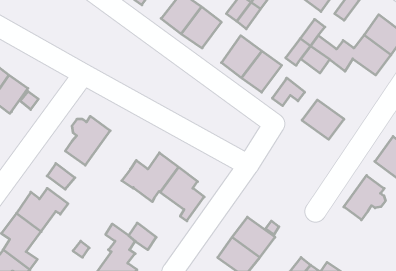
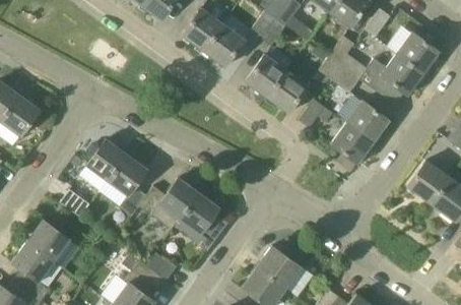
building: none -> [346,101,390,142]
building: none -> [108,155,148,218]
building: [344,175,385,220] -> none

